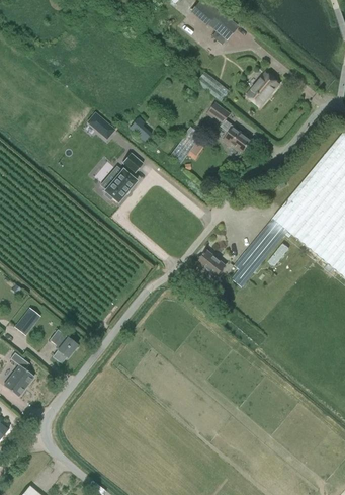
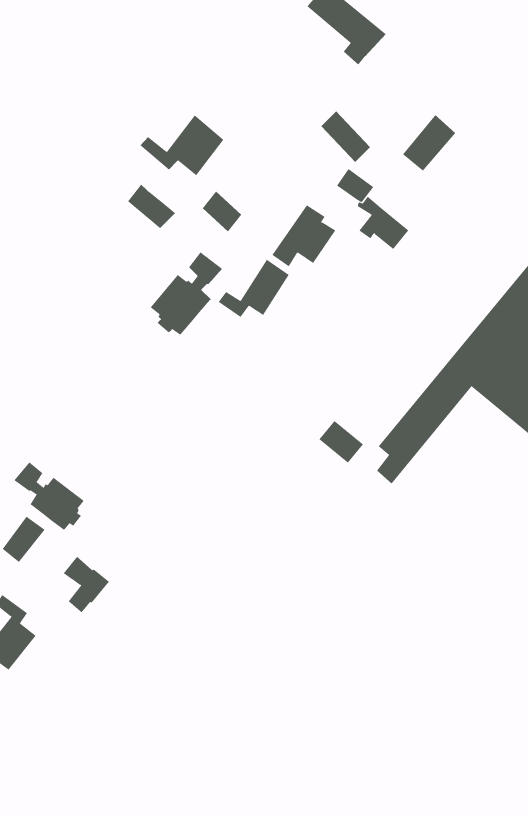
building: none -> [139,115,224,176]
building: none -> [218,259,290,318]
building: none -> [14,461,84,532]

